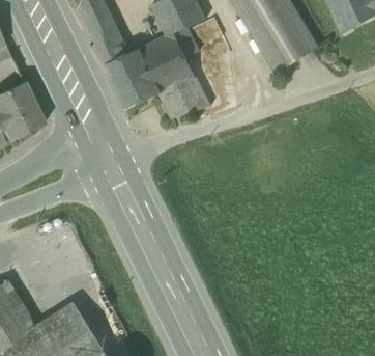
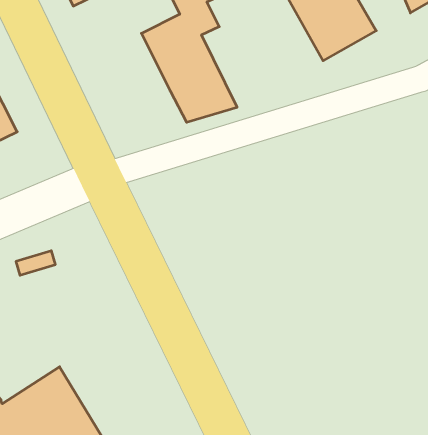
building: [92,31,160,110] -> none

